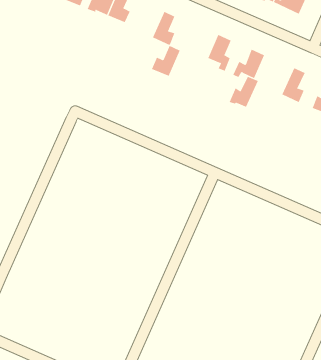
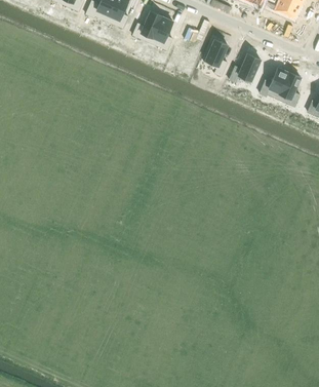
building: [151,45,180,76] -> [133,10,162,41]
building: [229,76,259,107] -> [261,67,290,98]

